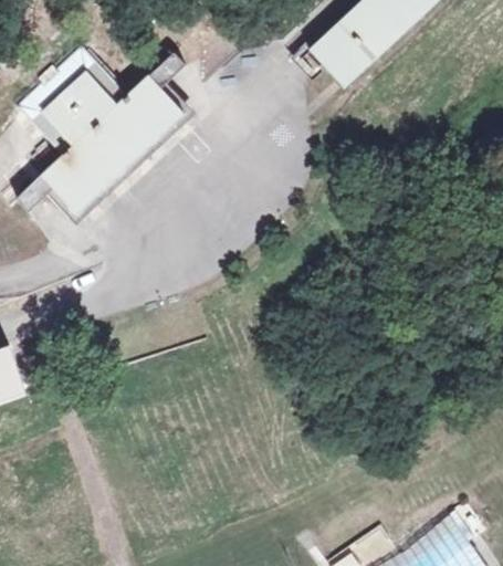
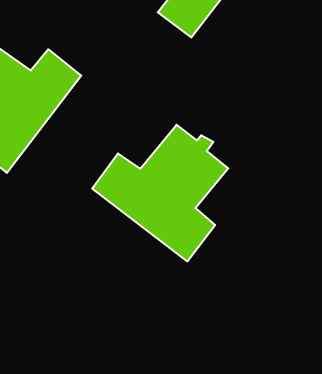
building: none -> [92,125,228,261]

